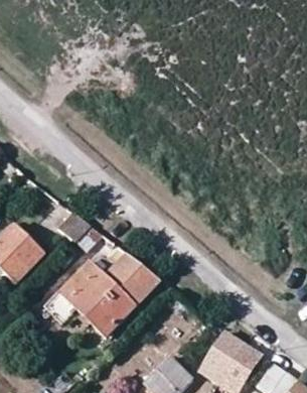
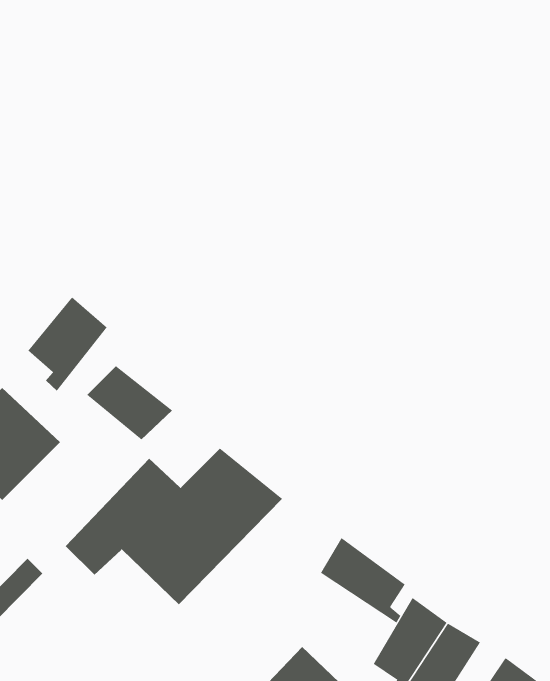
building: none -> [27,296,107,391]
building: none -> [320,537,406,624]

